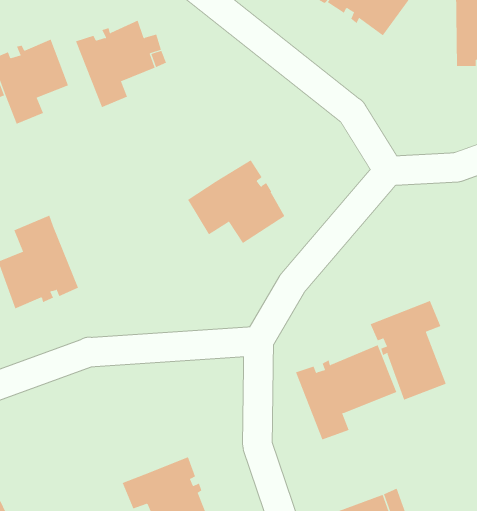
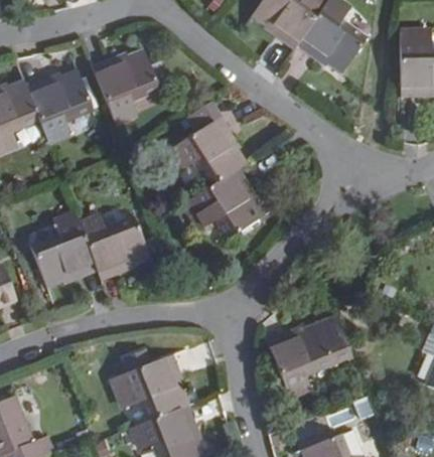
building: none -> [168,116,242,185]
building: none -> [79,213,147,275]
building: [370,300,447,401] -> none
building: none -> [114,349,189,420]

